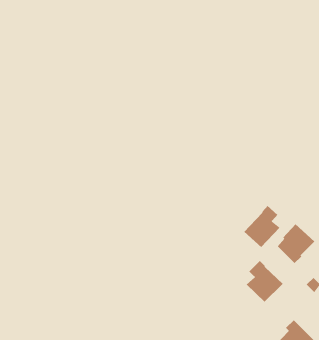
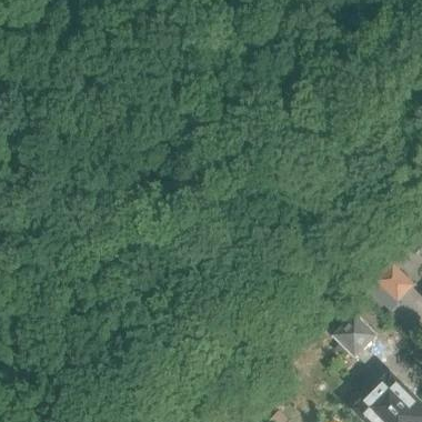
building: [244,205,280,248] -> none

